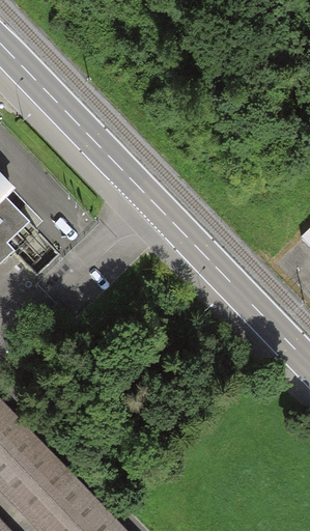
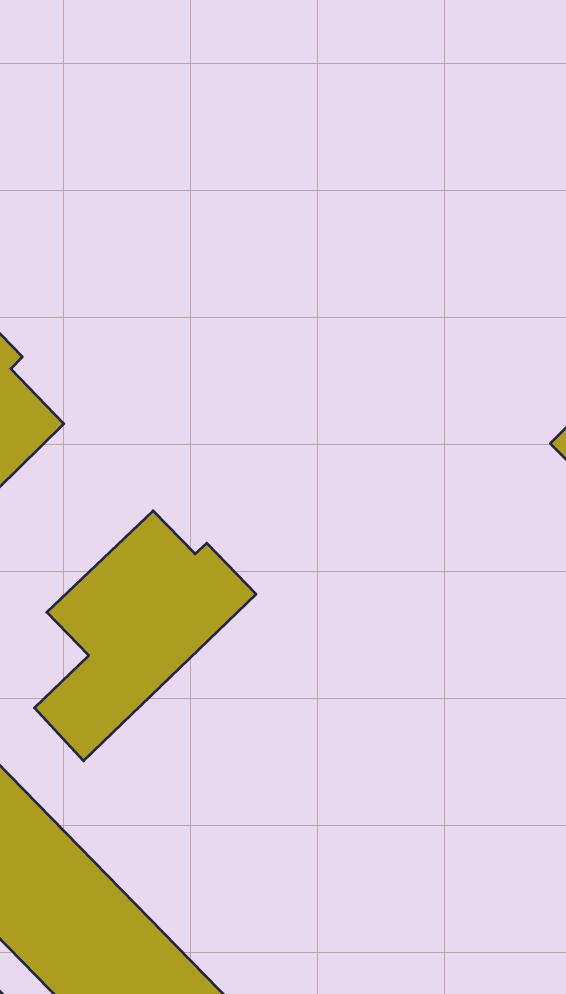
building: none -> [34,511,256,761]

